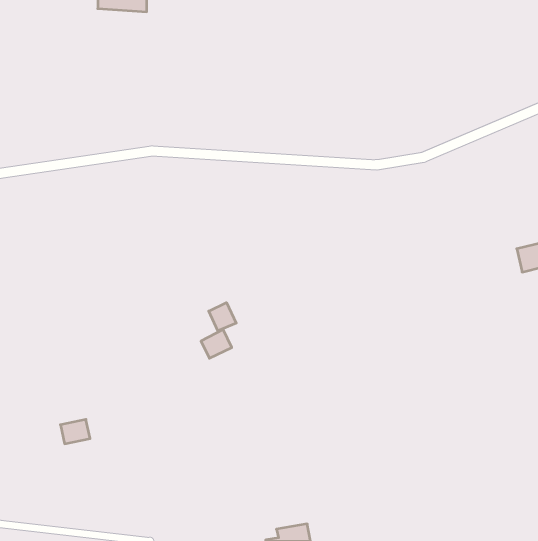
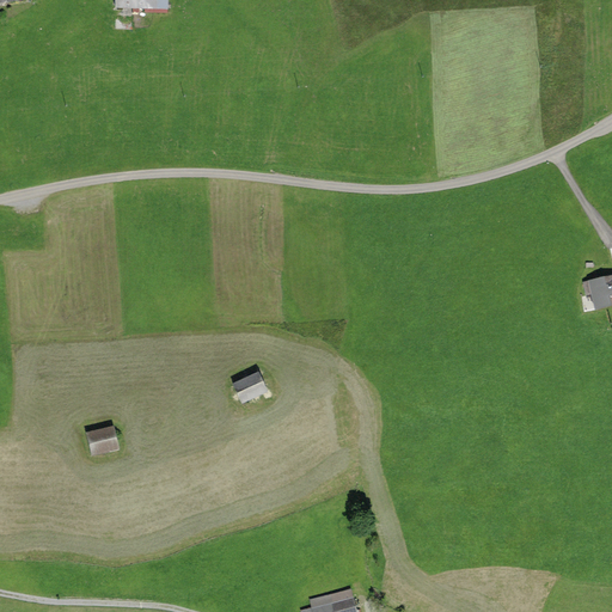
building: [209,303,236,331] -> none
building: [60,419,90,444] -> [86,426,120,453]

